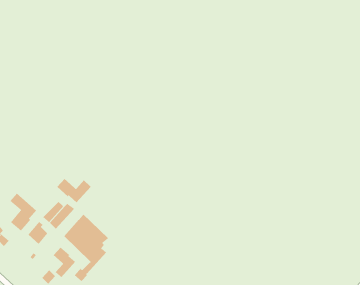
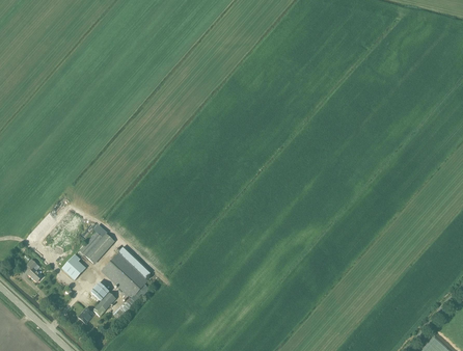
building: [57,178,91,203] -> none
building: [10,193,37,232] -> none

